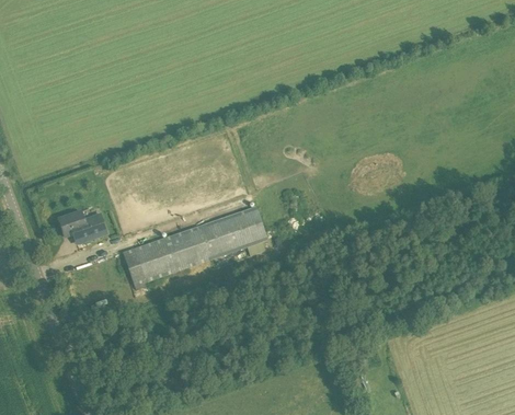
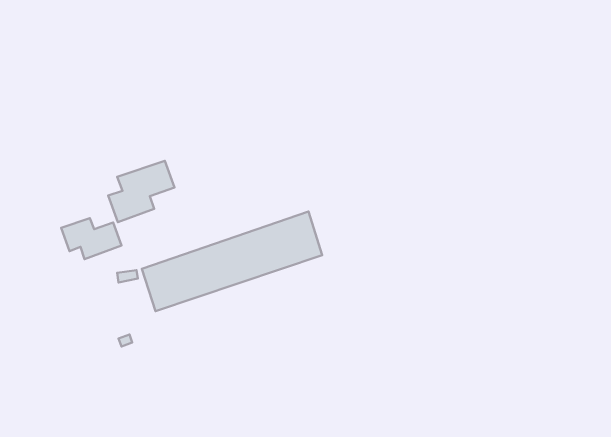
building: none -> [108,161,174,222]

